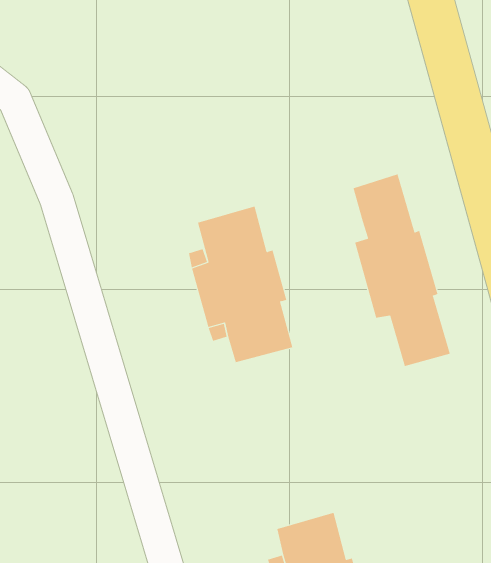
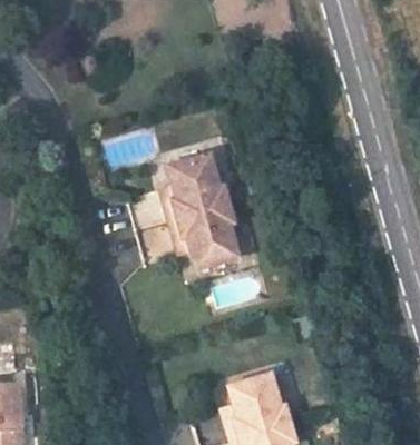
building: [353,174,450,367] -> none

